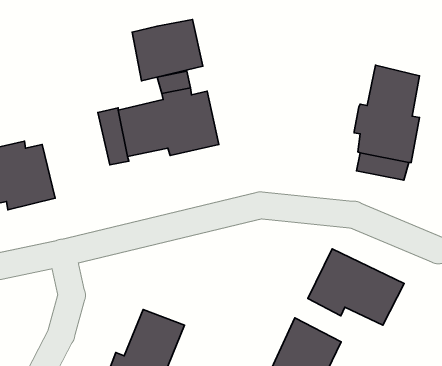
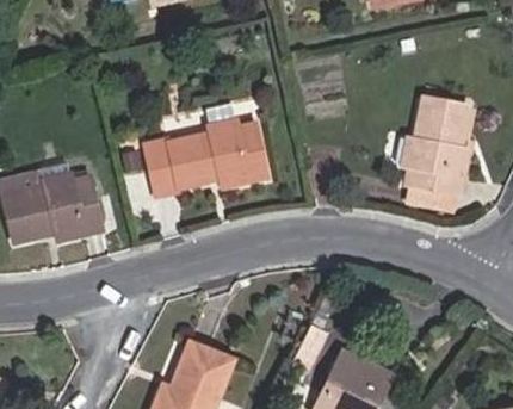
building: [132,19,203,81] -> none
building: [308,249,404,325] -> none

